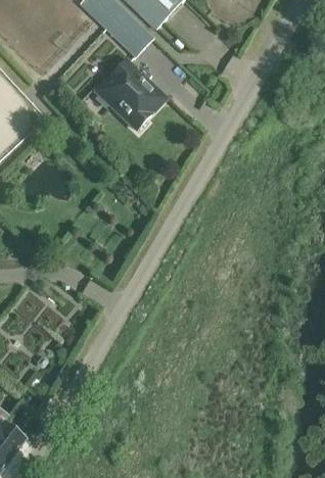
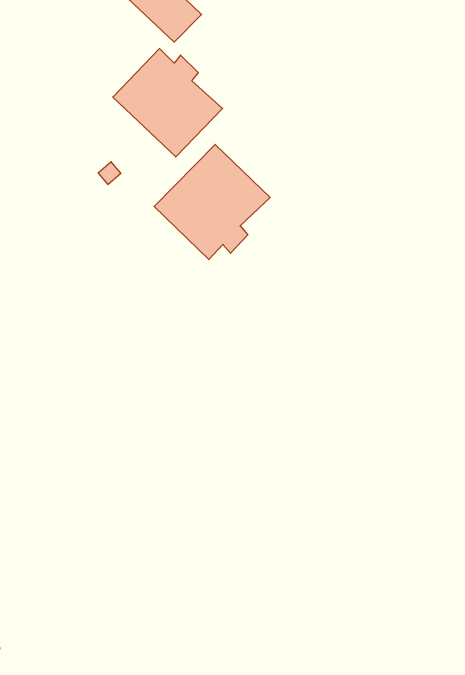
building: none -> [154,144,270,260]

